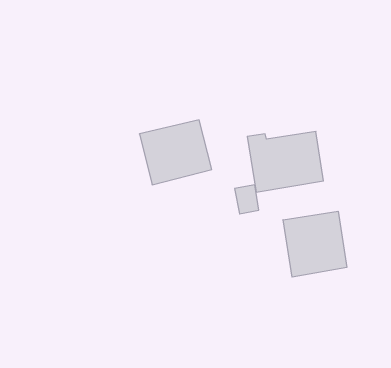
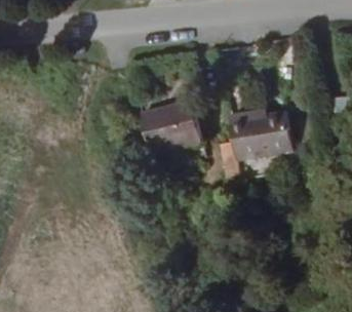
building: [283,211,347,277] -> none

